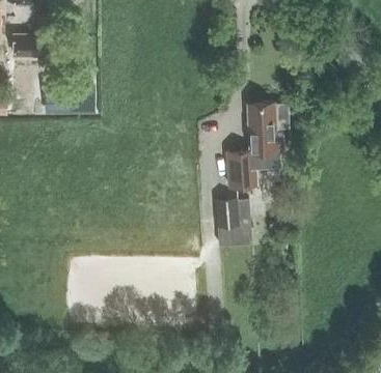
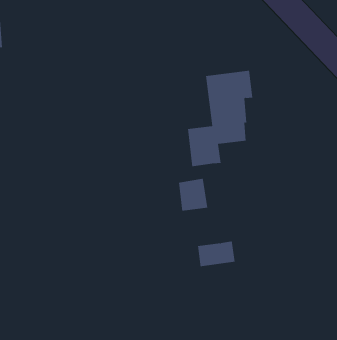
building: [218,225,252,247] -> [197,241,235,267]

